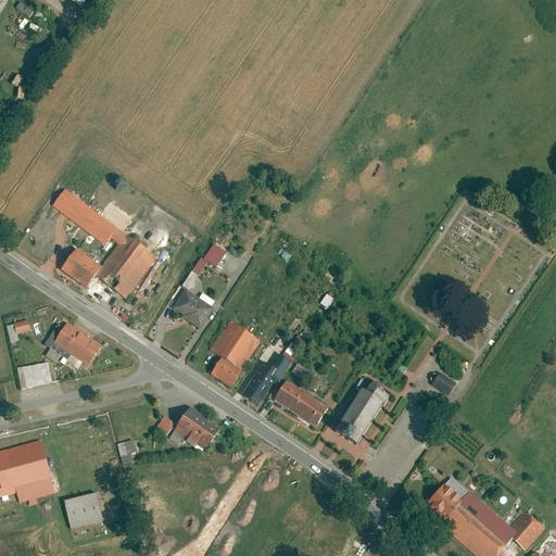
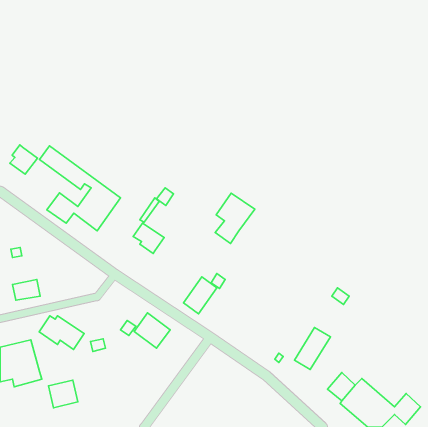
building: none -> [10,145,38,174]
building: [210,320,261,386] -> [215,193,255,244]
building: [43,323,102,366] -> [39,316,84,350]
building: [274,380,328,427] -> none
building: [333,389,380,443] -> [294,327,330,369]

